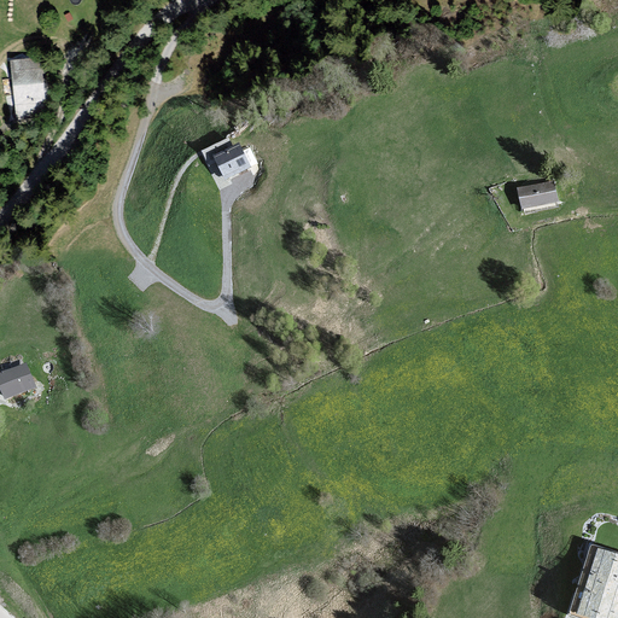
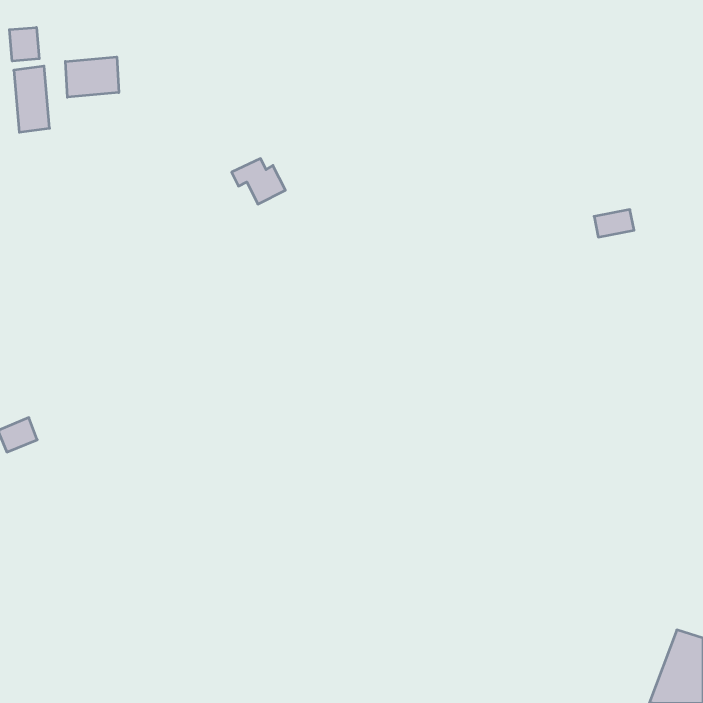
building: none -> [9,27,39,61]
building: none -> [65,57,119,97]

